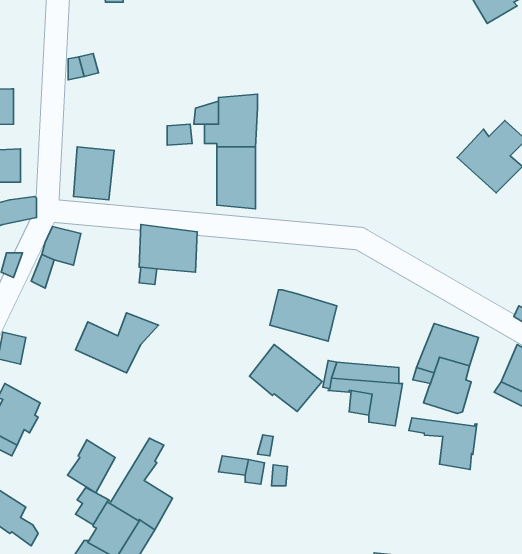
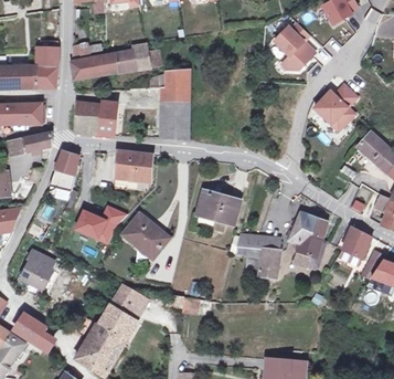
building: none -> [274,22,316,70]
building: none -> [72,44,159,78]
building: none -> [36,49,58,87]
building: none -> [97,102,117,136]
building: [250,344,322,411] -> [124,214,169,256]
building: [409,418,477,469] -> none
building: [68,440,115,493] -> [119,288,149,322]

